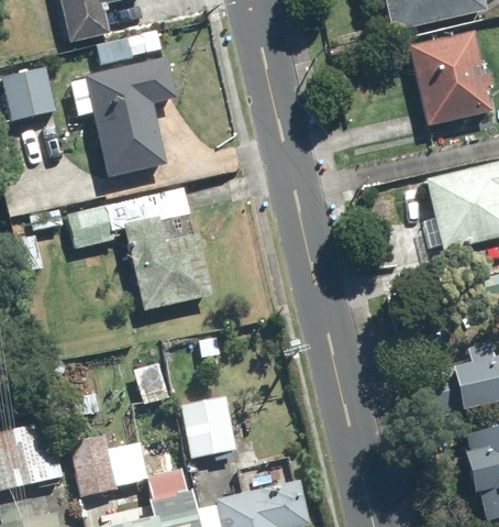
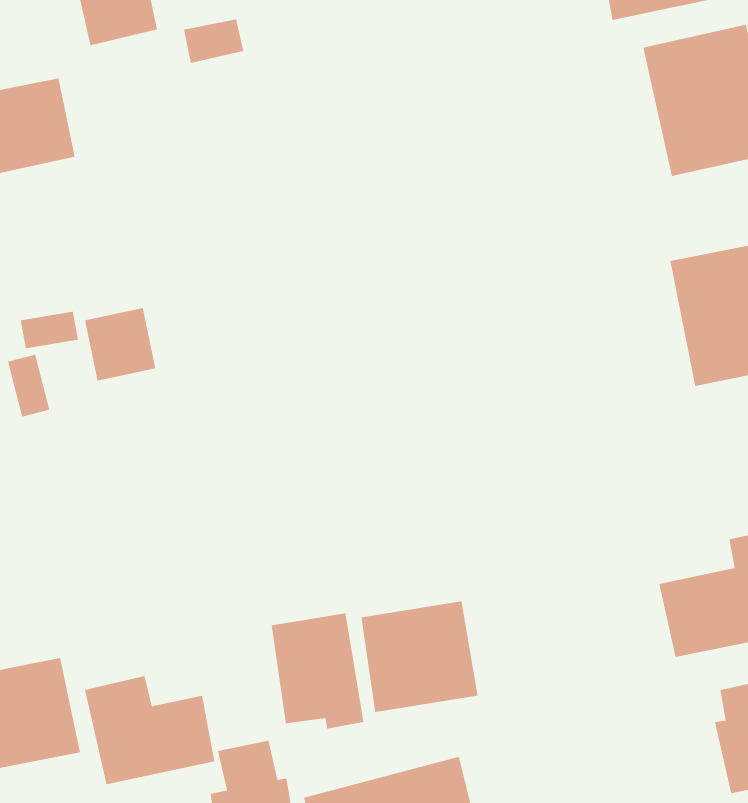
building: [84,54,179,176] -> none
building: [106,186,212,310] -> none
building: none -> [361,601,478,713]

